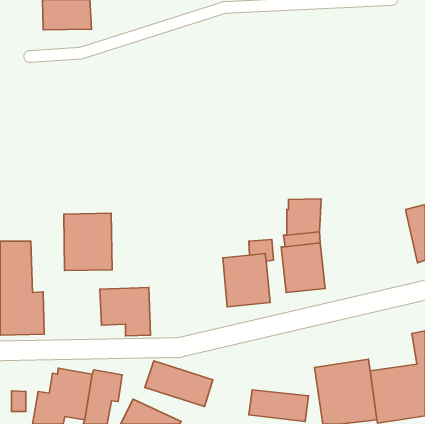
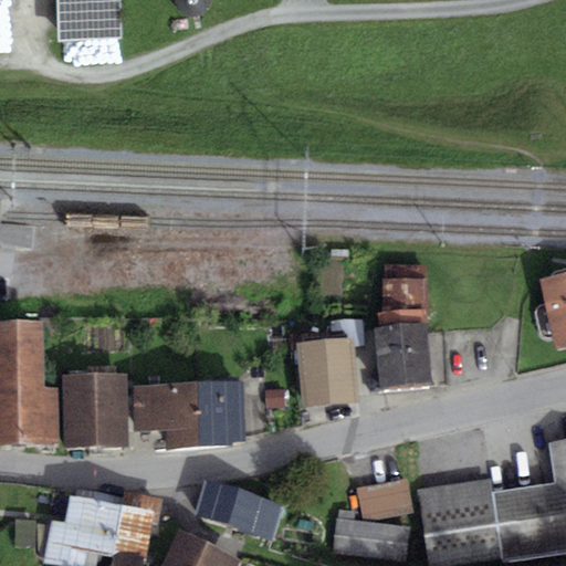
building: [64,213,112,271] -> [64,373,128,449]
building: none -> [198,380,244,446]
building: none -> [357,479,412,520]

